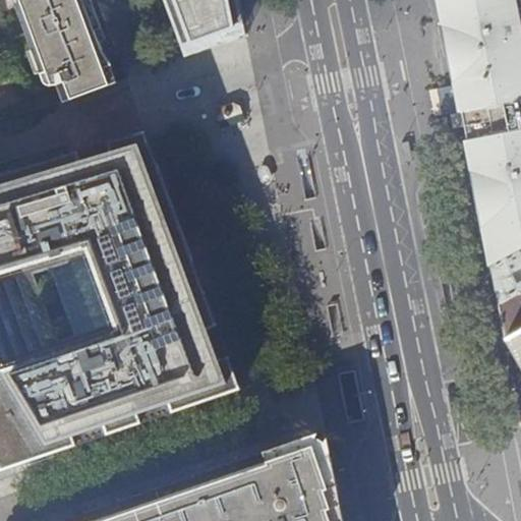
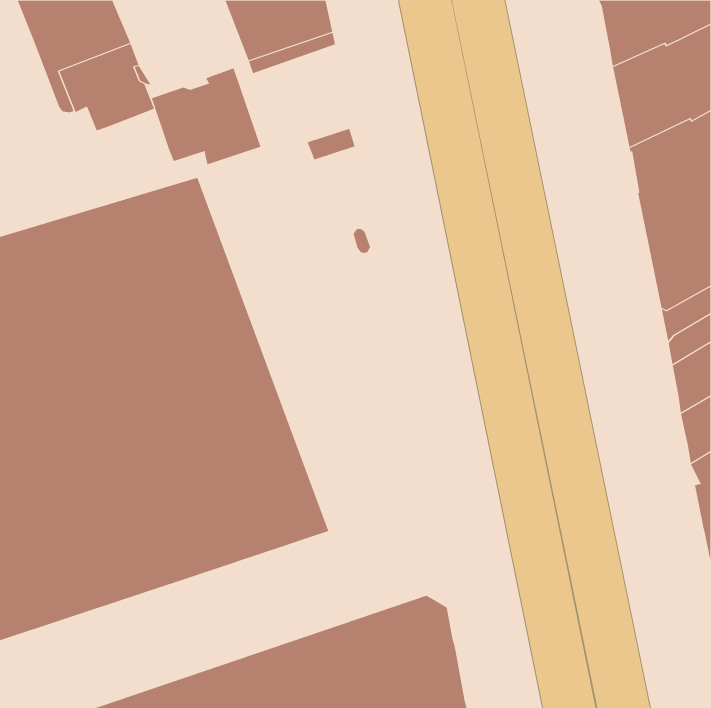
building: none -> [151,68,261,165]

